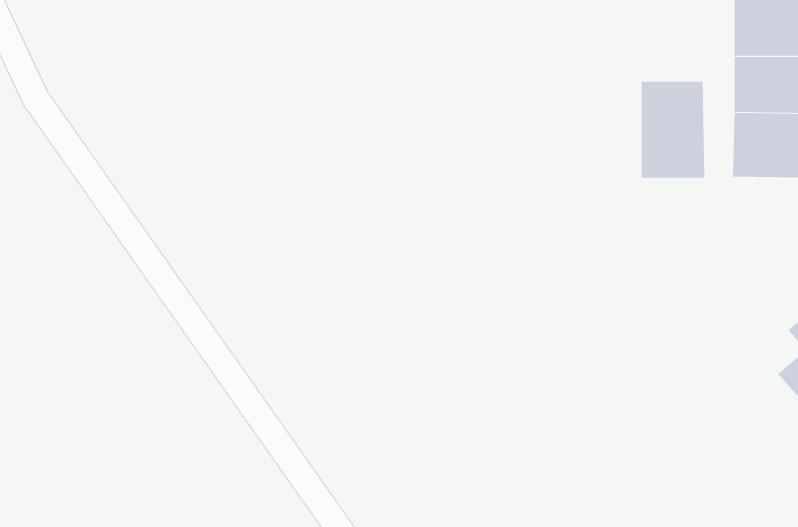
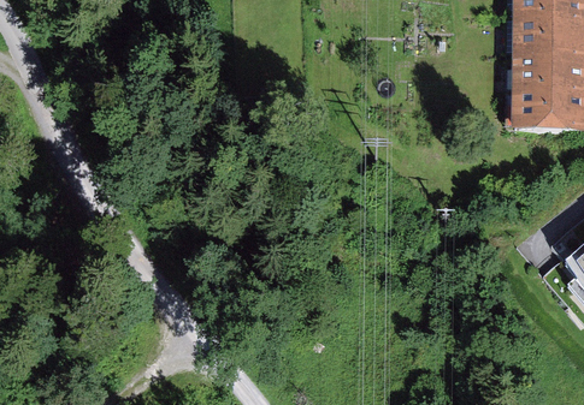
building: [641,81,705,179] -> none

